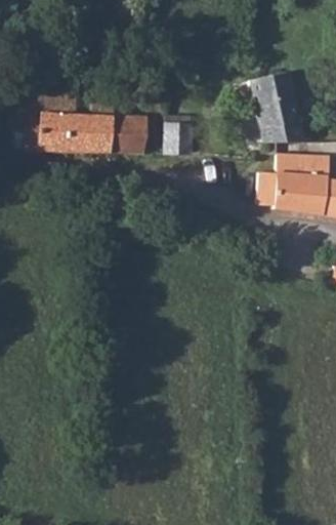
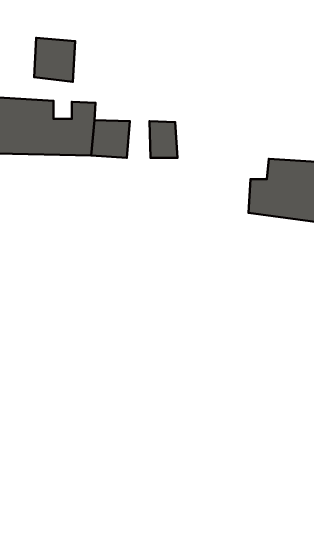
building: none -> [34,38,75,82]
building: [248,73,304,146] -> none

